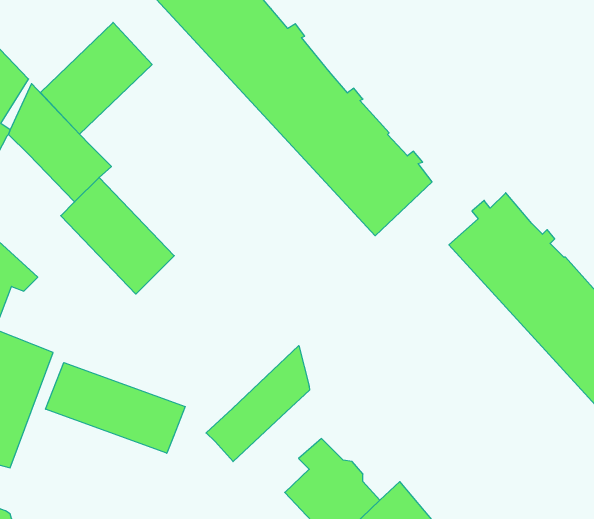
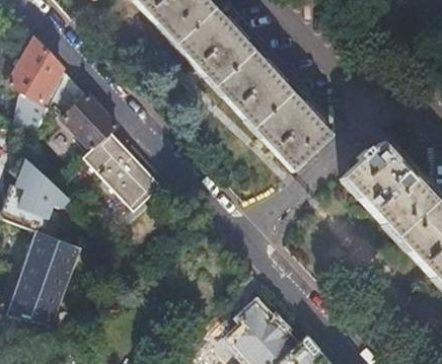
building: [41,22,152,134] -> none
building: [206,346,309,462] -> none
building: [46,363,185,453] -> none

